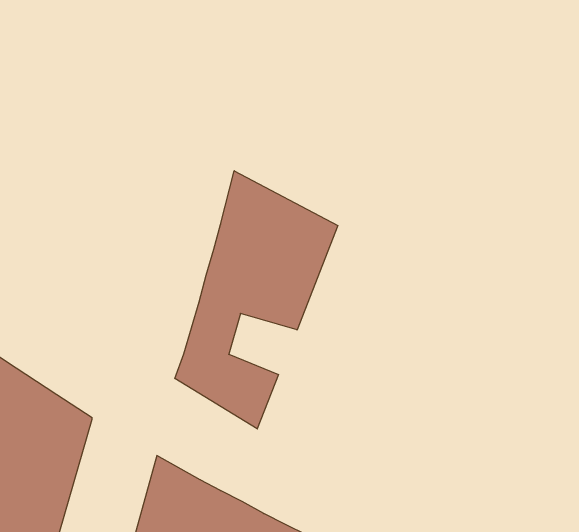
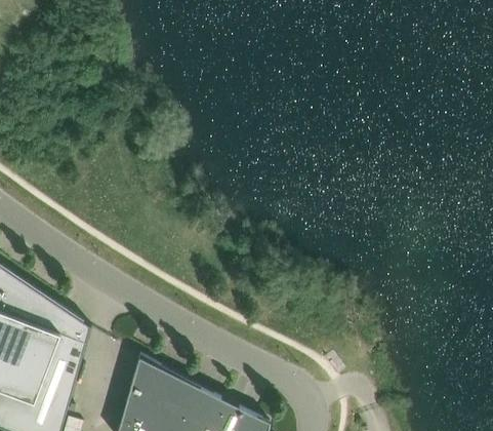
building: [175,171,338,429] -> none

